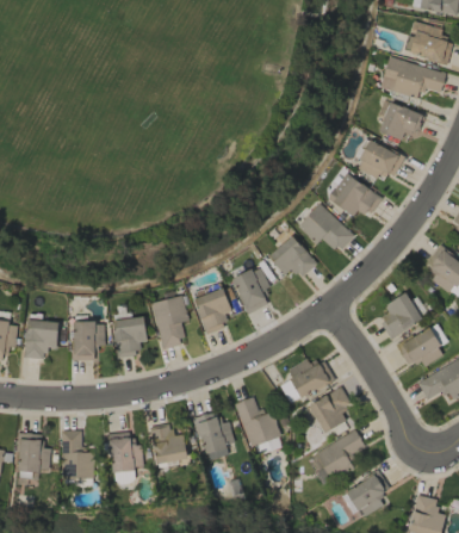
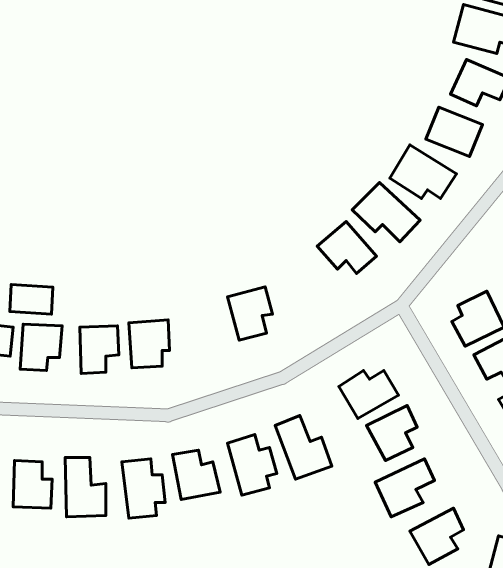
building: [231,268,273,314] -> none
building: none -> [10,285,53,314]
building: [150,296,188,348] -> none

